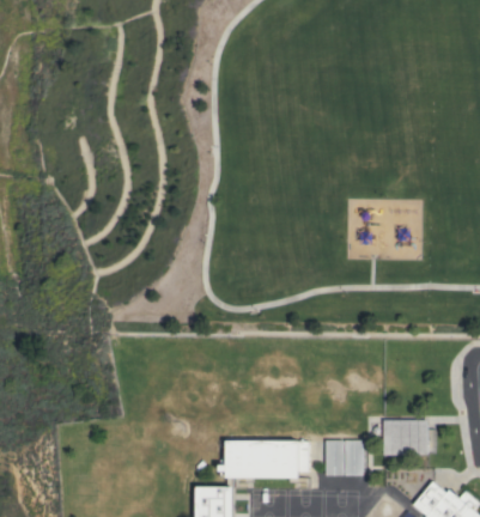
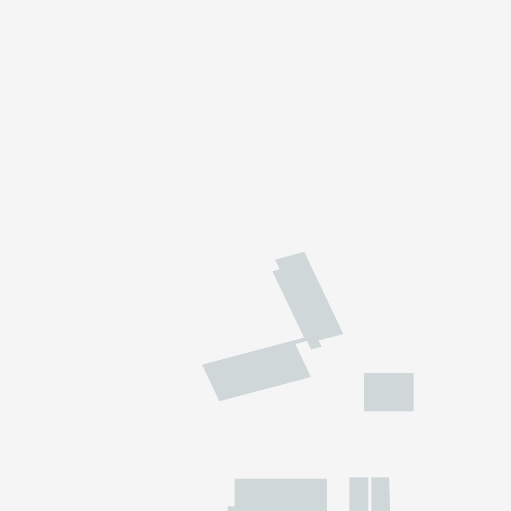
building: none -> [201,251,344,402]
building: [382,420,426,455] -> [363,372,414,412]

